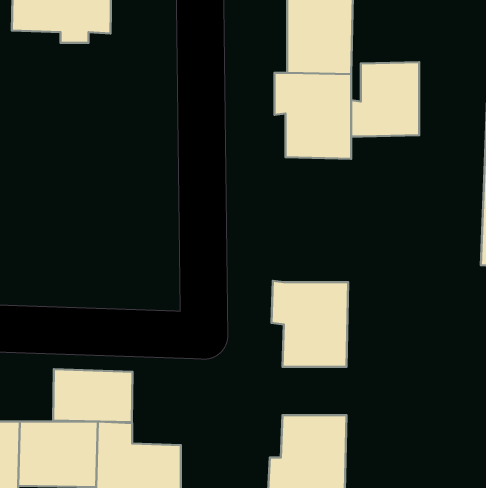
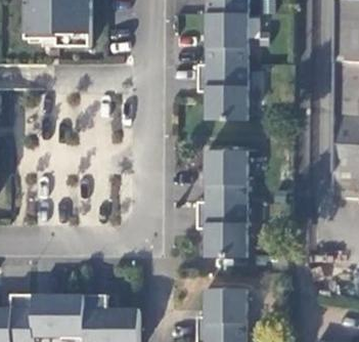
building: [351,62,419,137] -> none
building: none -> [205,152,248,203]
building: [53,369,132,422] -> none

